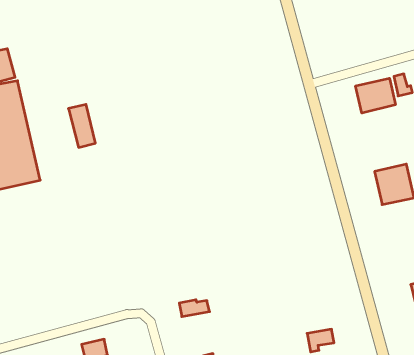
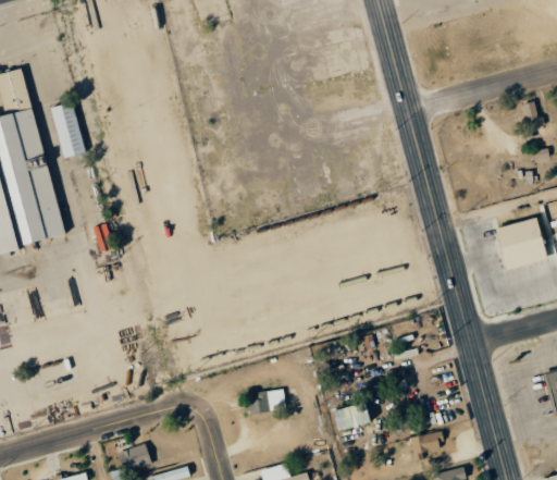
building: [356,78,395,113] -> none
building: [68,104,95,147] -> [50,102,85,158]
building: none -> [334,402,371,430]

